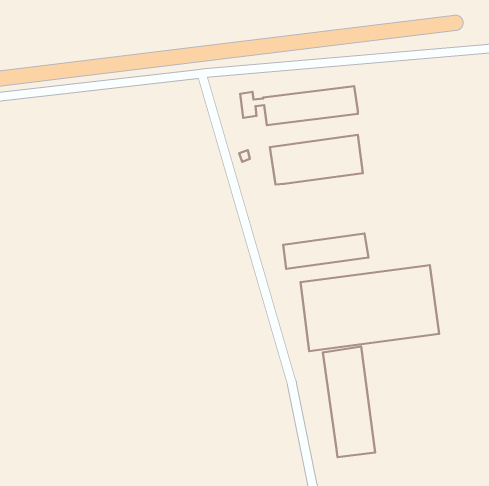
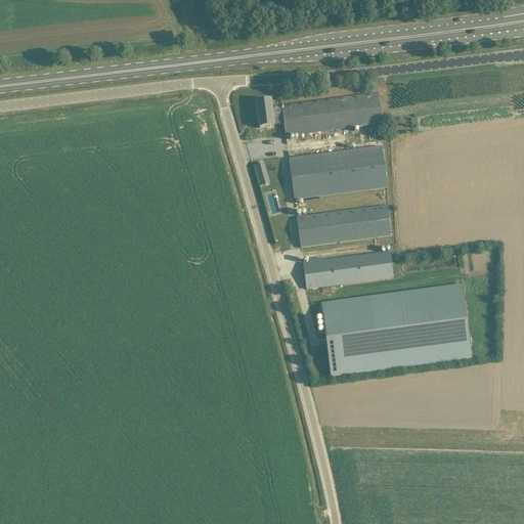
building: none -> [297,204,392,246]
building: [323,347,375,457] -> none

